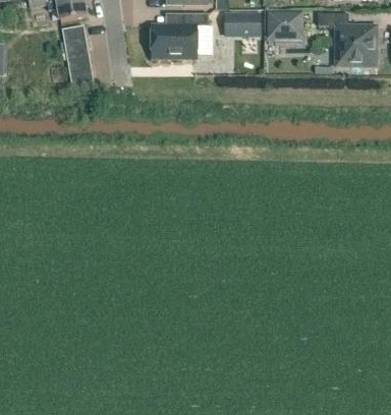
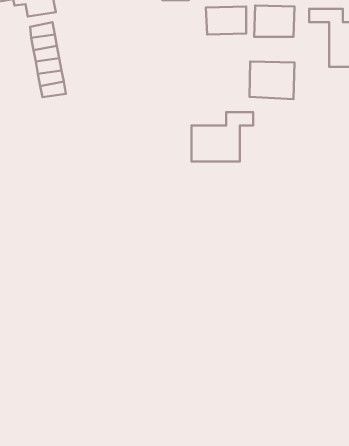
building: [153,13,209,58] -> [192,112,253,161]
building: none -> [249,61,294,99]

